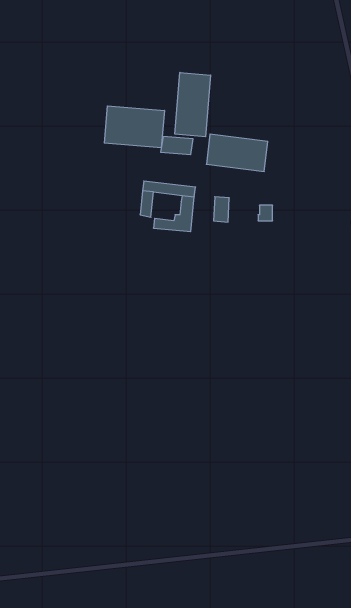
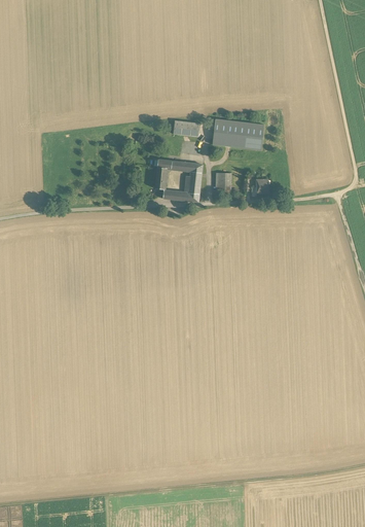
building: [175,72,211,137] -> none
building: [104,106,164,148] -> none

